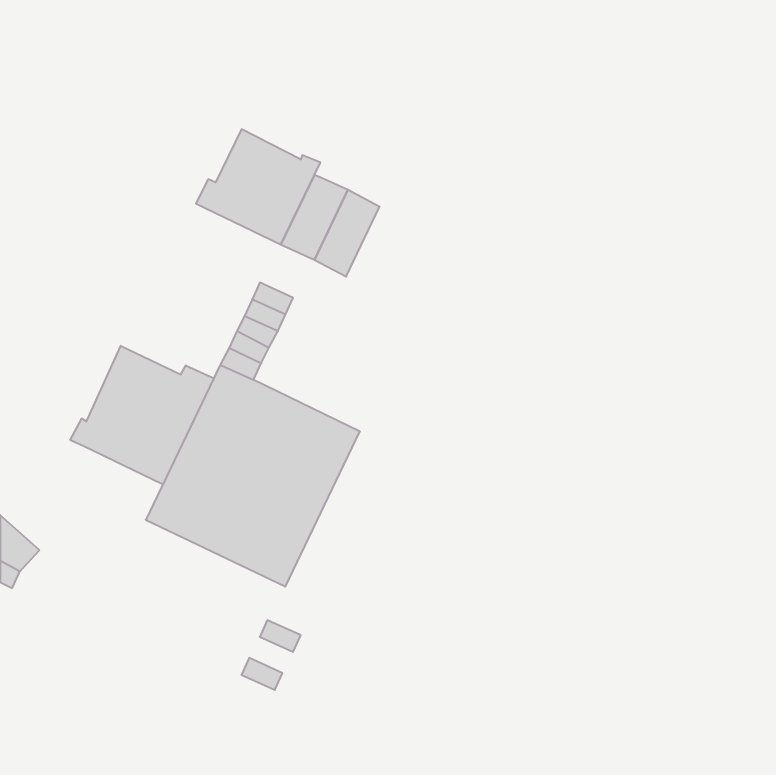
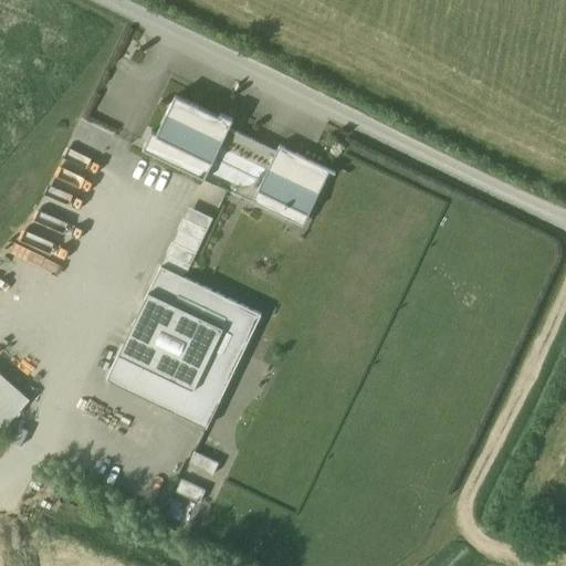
building: none -> [252,145,335,220]
building: [70,346,214,485] -> none

